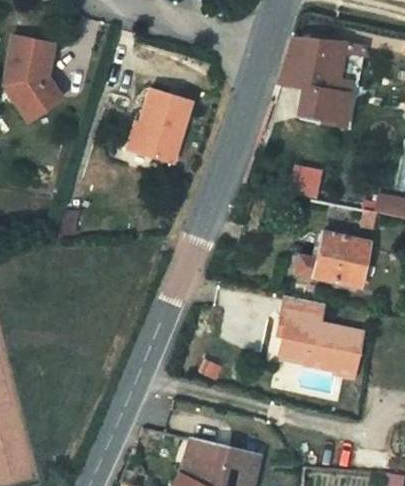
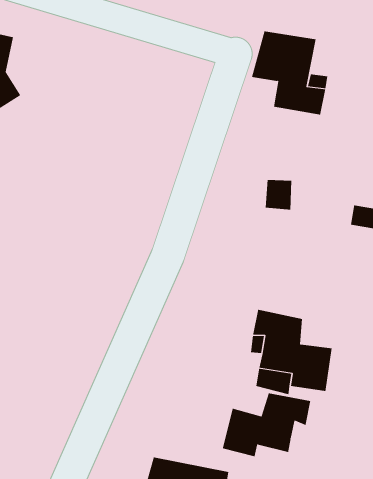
building: [136,86,190,154] -> none
building: [302,237,372,291] -> none
building: none -> [222,392,311,457]

